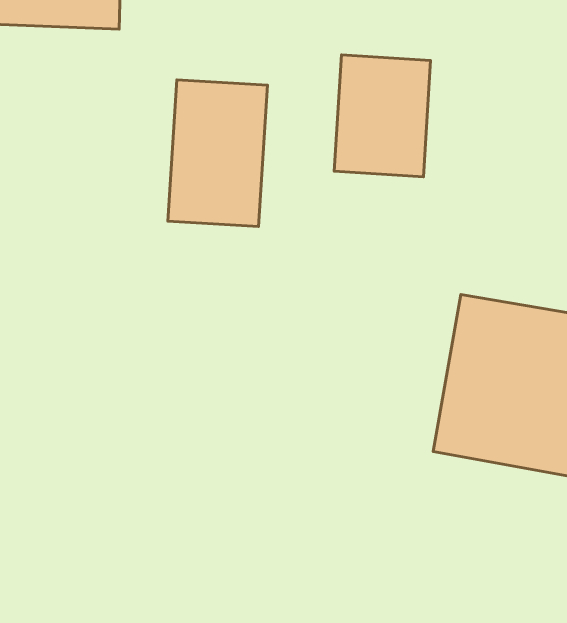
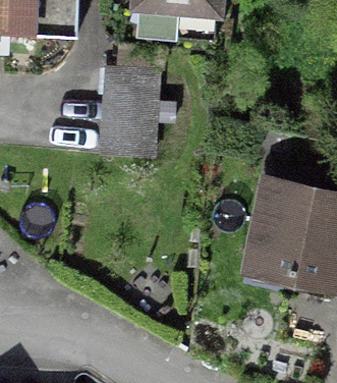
building: [334,55,431,177] -> none

